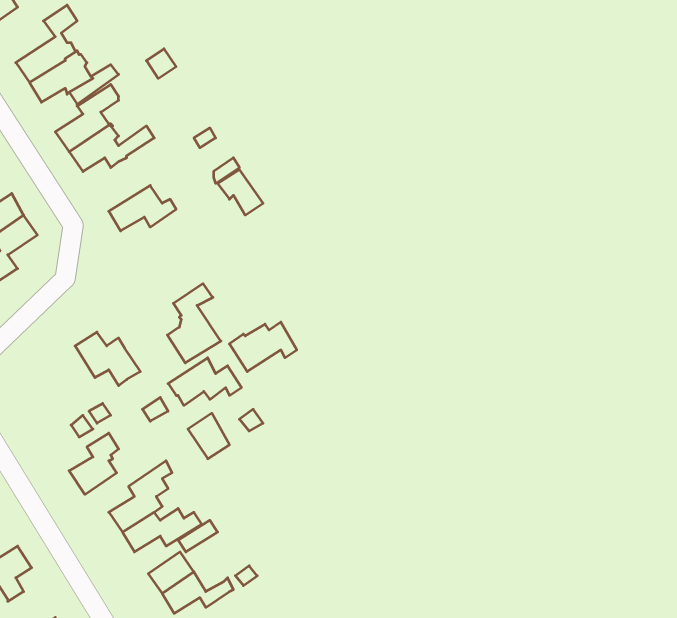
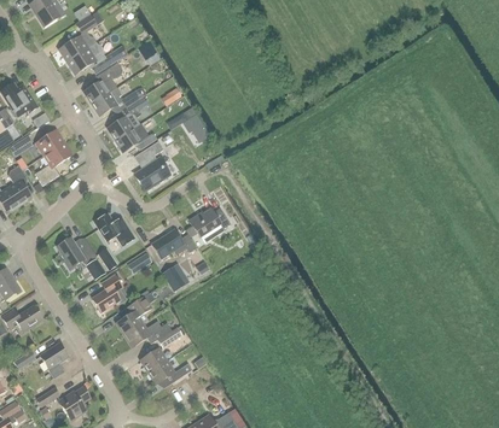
building: none -> [106,95,147,139]
building: [167,284,221,363] -> [135,140,168,188]
building: none -> [56,236,97,269]

